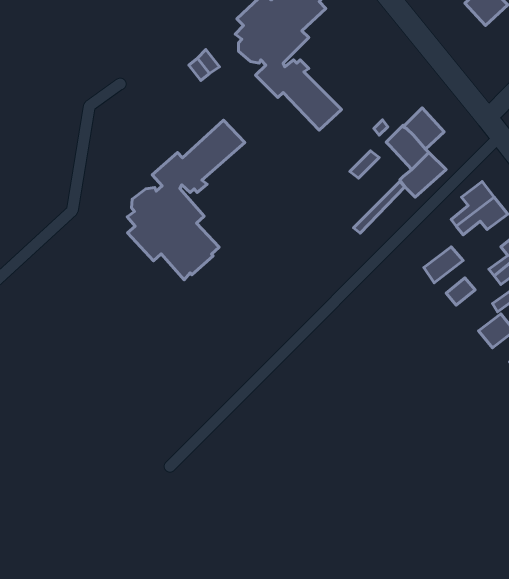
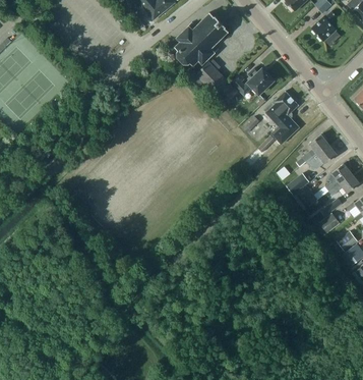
building: none -> [230,67,273,96]
building: [127,120,245,280] -> none

